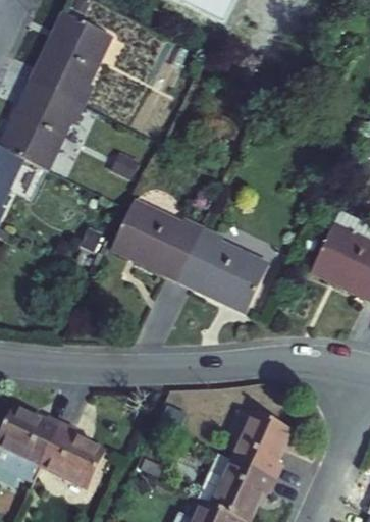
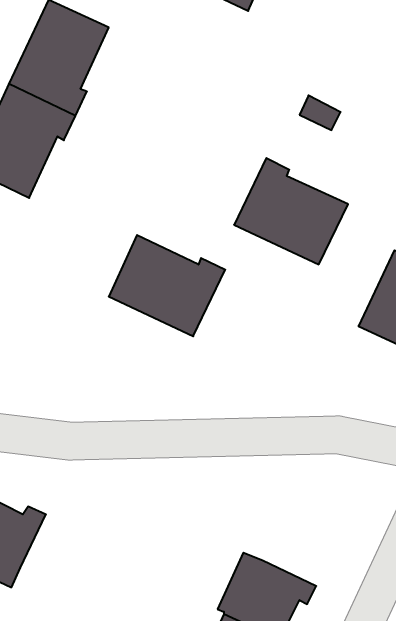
building: [178,226,269,311] -> [234,158,348,264]
building: [233,412,290,478] -> none
building: [41,421,105,486] -> none

